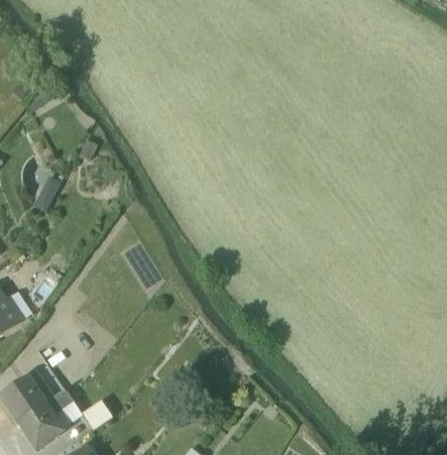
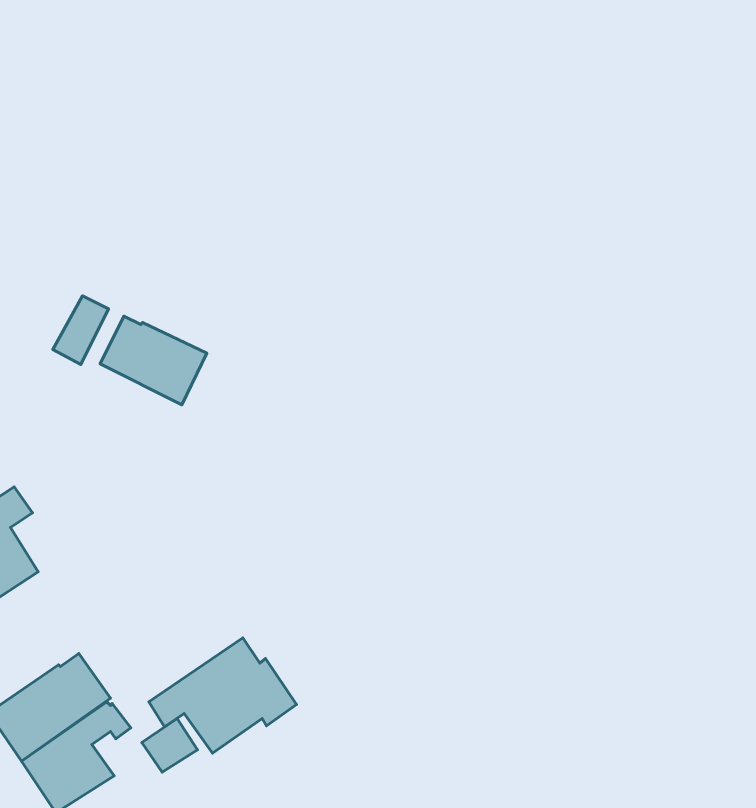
building: none -> [100,316,207,405]
building: none -> [149,638,296,753]

